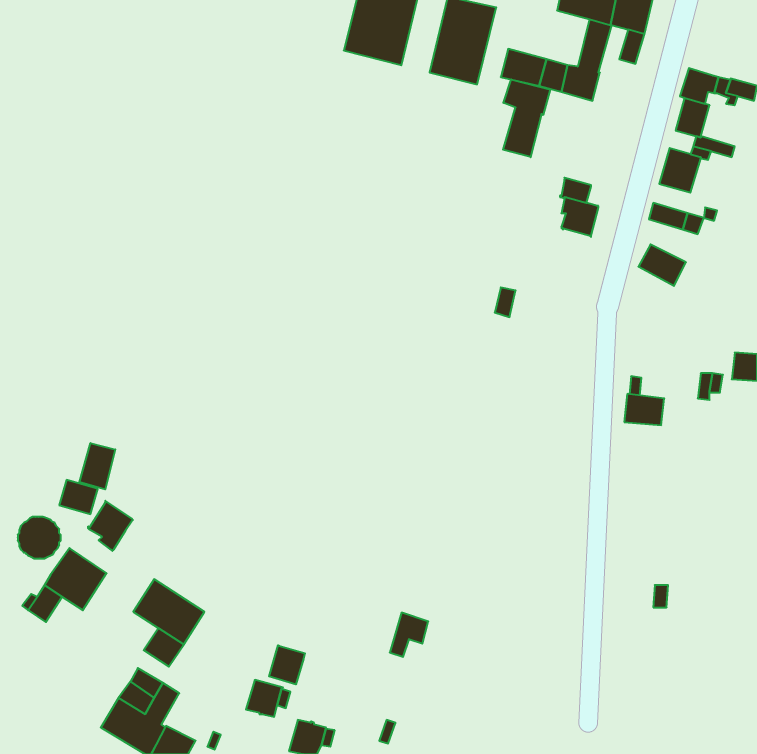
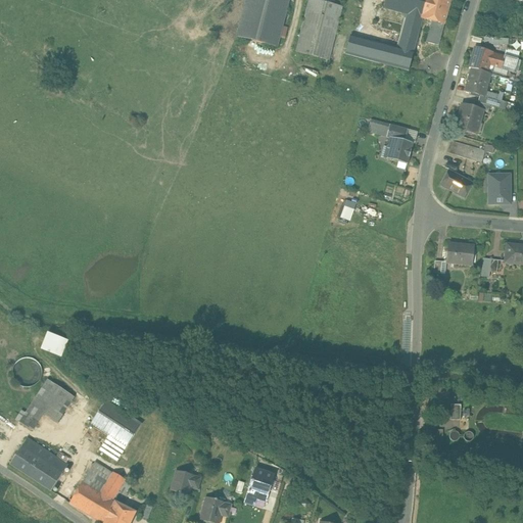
building: [503,79,550,157] -> none
building: none -> [487,172,512,204]
building: [624,394,664,425] -> [446,242,474,264]
building: [79,443,115,489] -> none
building: [88,501,133,551] -> none
building: [390,613,428,657] -> [245,473,272,504]
building: none -> [9,436,68,490]
building: [269,645,305,684] -> none

